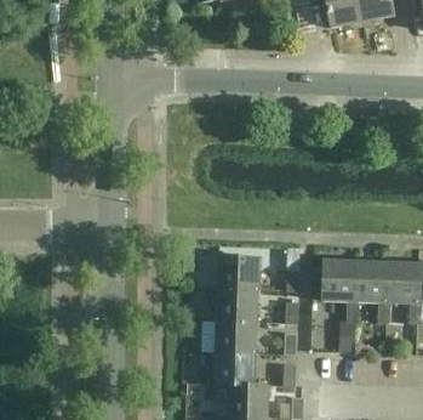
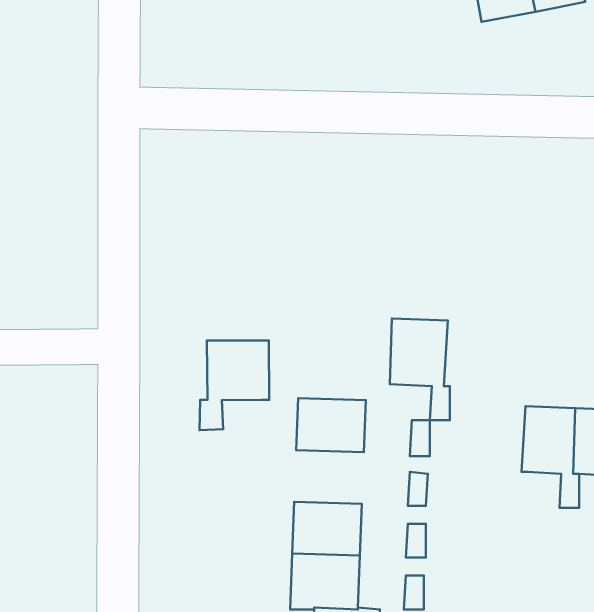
building: none -> [199,340,269,430]
building: [322,259,359,320] -> [390,319,450,420]
building: [217,286,259,319] -> none

